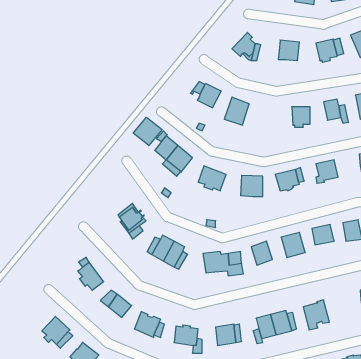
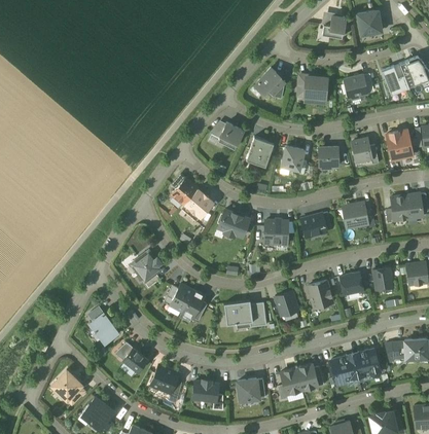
building: none -> [281,146,303,171]
building: [133,117,162,146] -> none
building: none -> [352,349,380,376]

